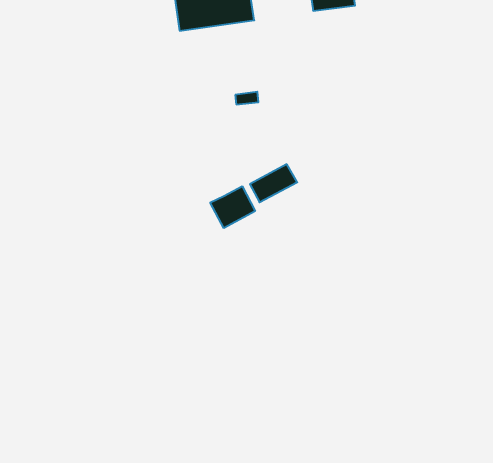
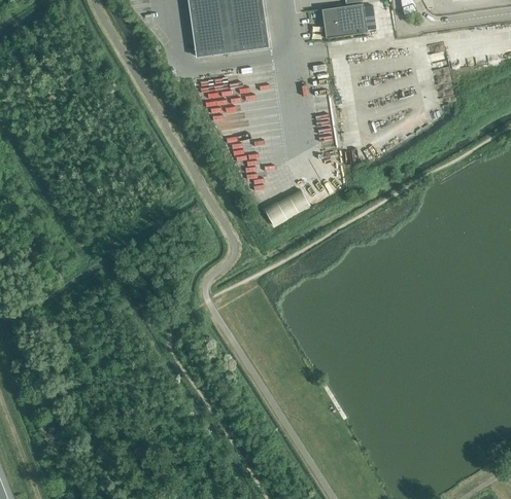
building: [210,186,255,228] -> none

